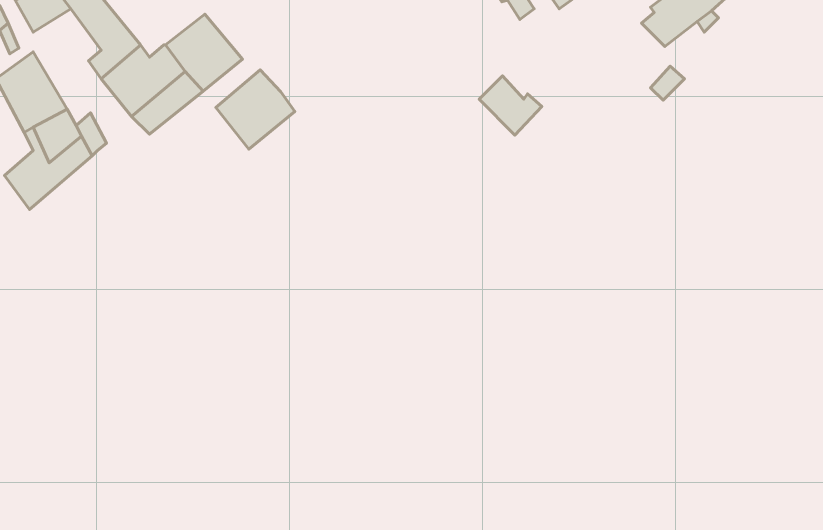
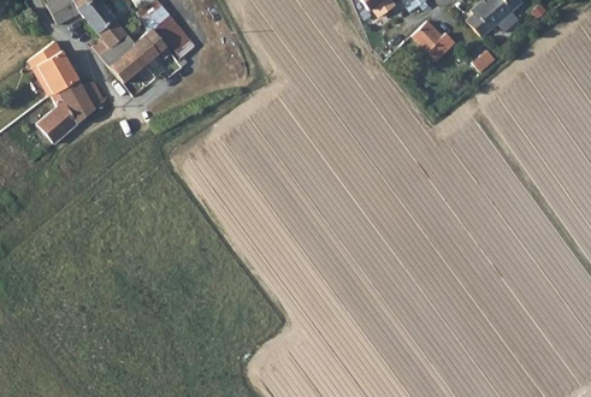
building: [216,70,295,149] -> none
building: [479,76,542,135] -> [412,20,454,60]

